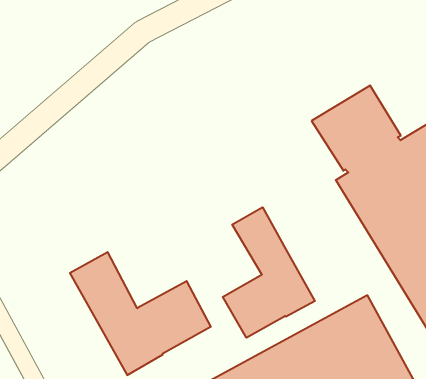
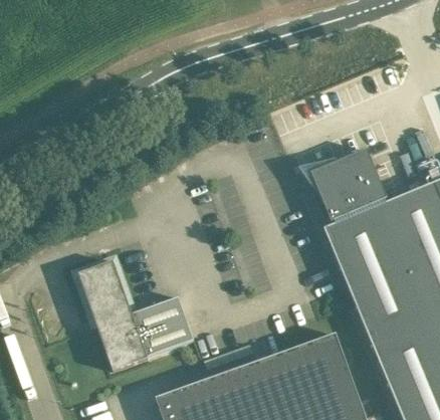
building: [223,207,315,338] -> none

